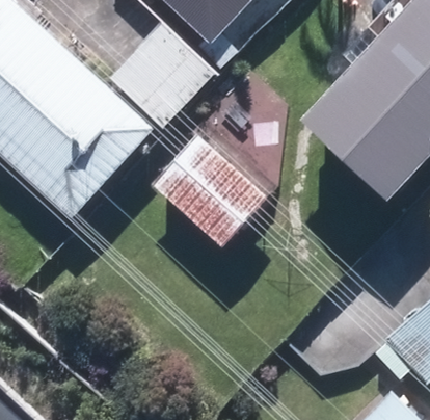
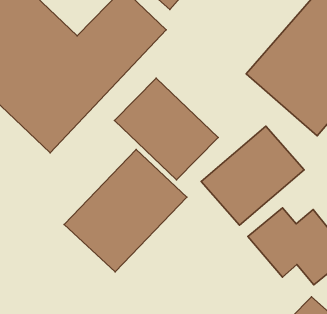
building: none -> [201,126,304,225]
building: none -> [64,150,187,272]

